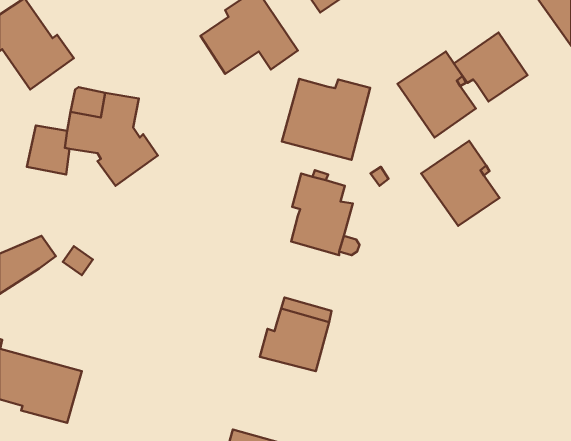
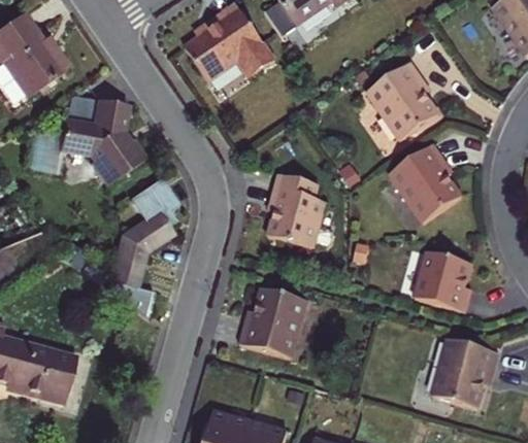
building: [454,33,528,101] -> none
building: [282,79,370,160] -> none
building: none -> [106,176,178,317]
building: none -> [415,250,471,311]
building: none -> [433,338,499,406]

